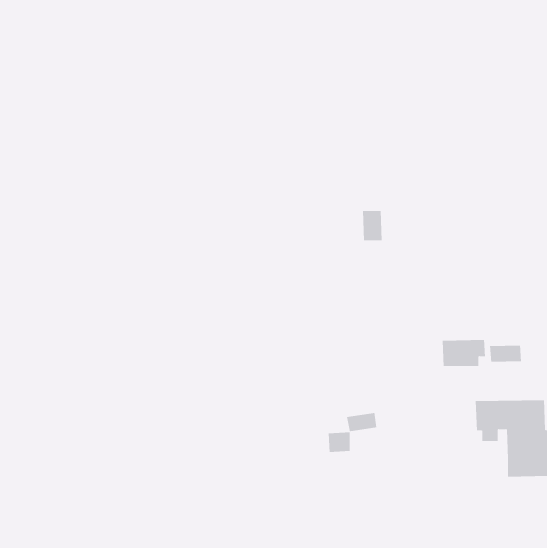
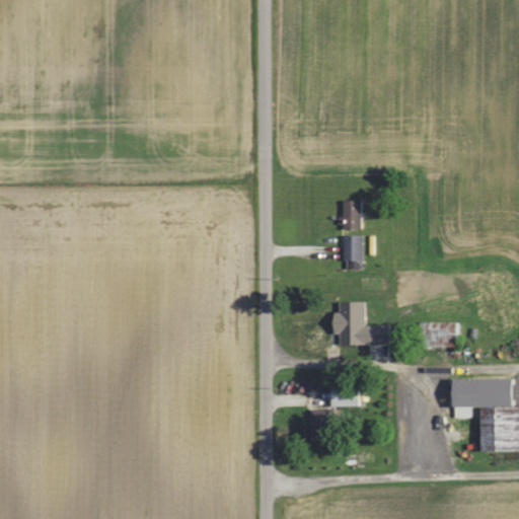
building: none -> [344,235,363,261]
building: none -> [332,301,388,345]
building: [490,345,521,363] -> none

